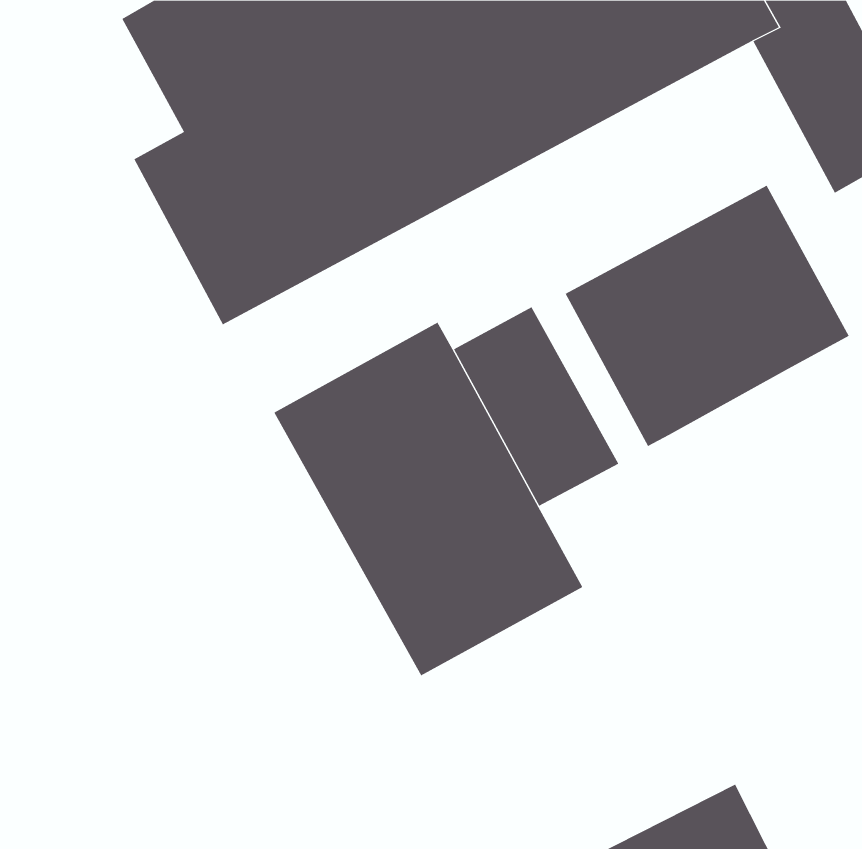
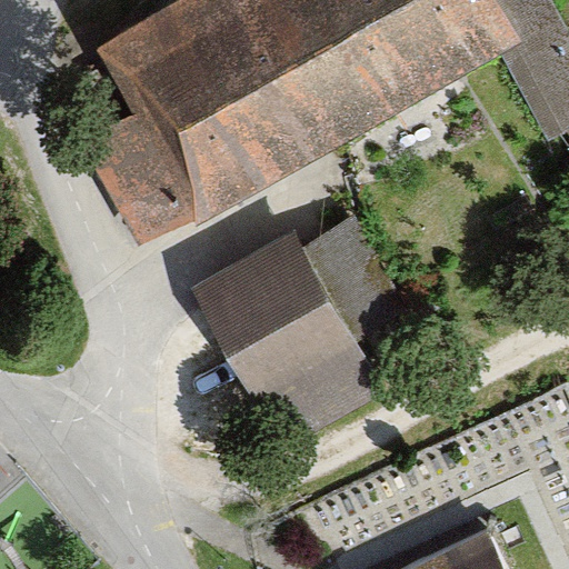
building: [565,185,850,447] -> none

